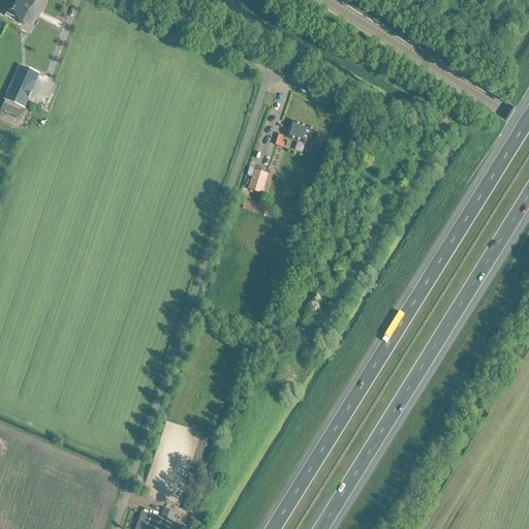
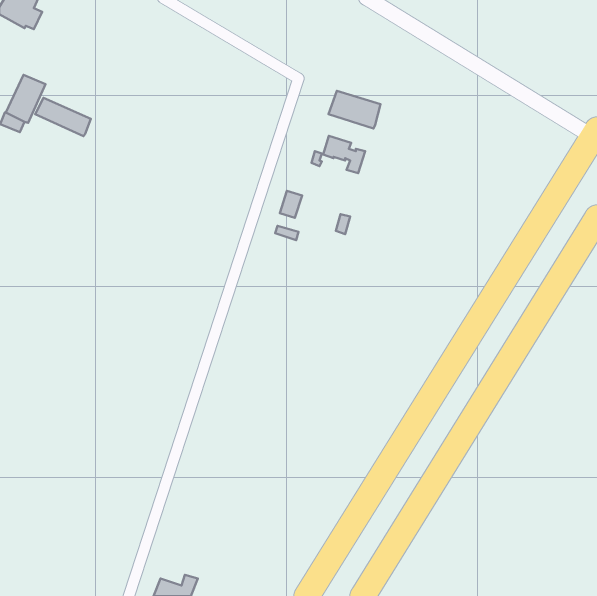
building: none -> [329,91,381,128]
building: none -> [35,98,91,136]

